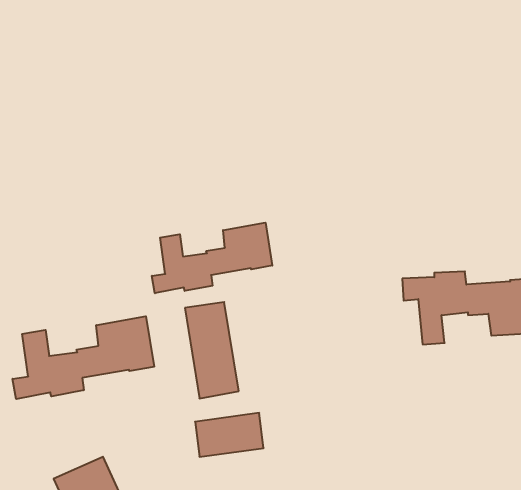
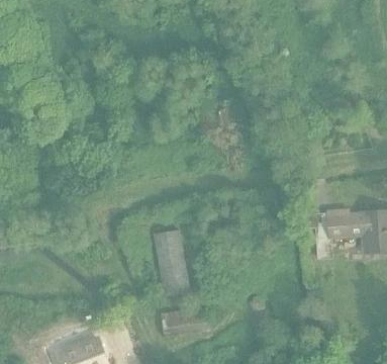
building: [152,223,272,293] -> none
building: [13,316,154,399] -> none

